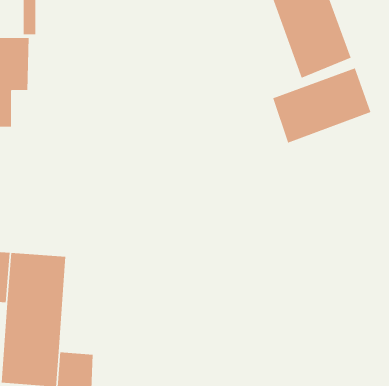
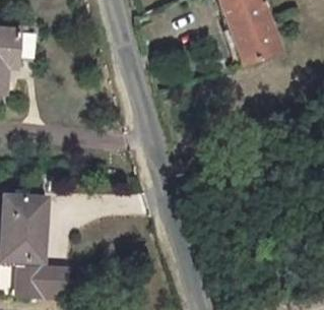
building: [272,68,371,144] -> none

